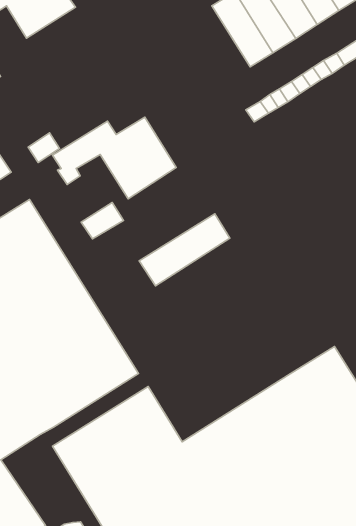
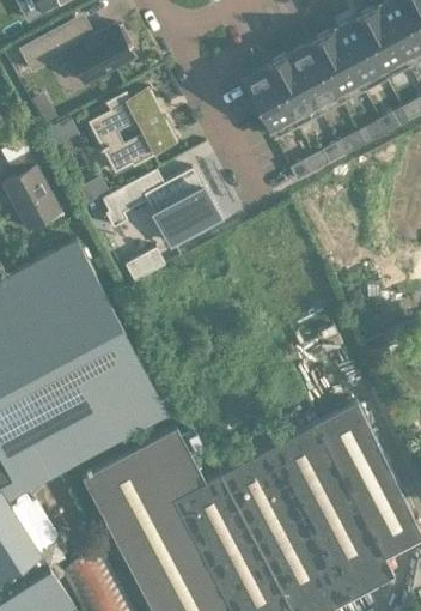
building: none -> [242,67,295,140]
building: none -> [87,90,176,174]
building: [139,214,230,286] -> none

